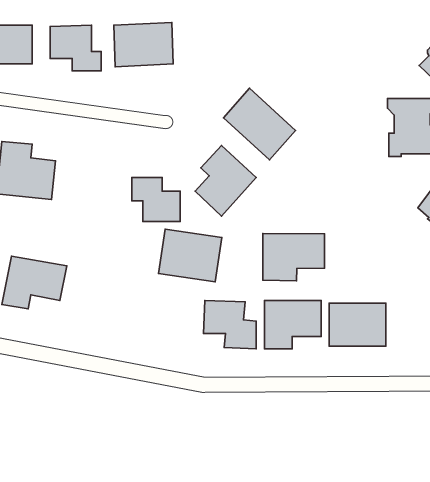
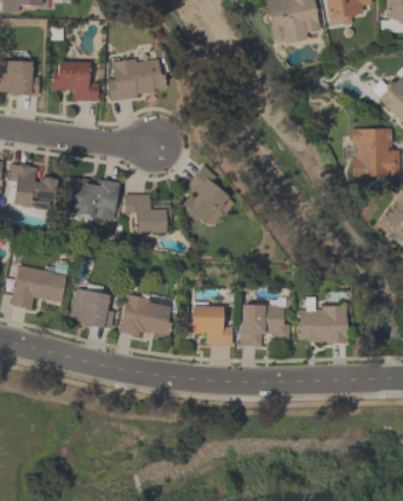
building: [223,88,296,160] -> none
building: none -> [63,178,117,219]
building: [158,229,222,282] -> [120,293,175,339]
building: [263,233,324,281] -> none
building: none -> [68,288,115,329]

